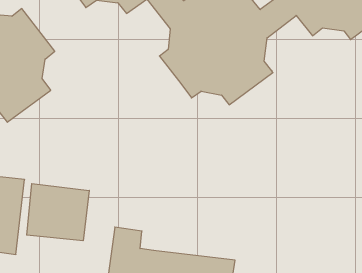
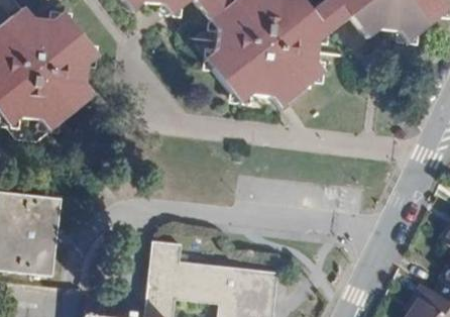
building: [27,184,89,241] -> none

